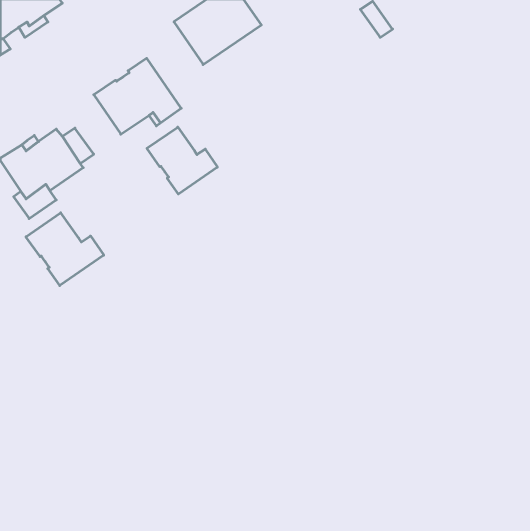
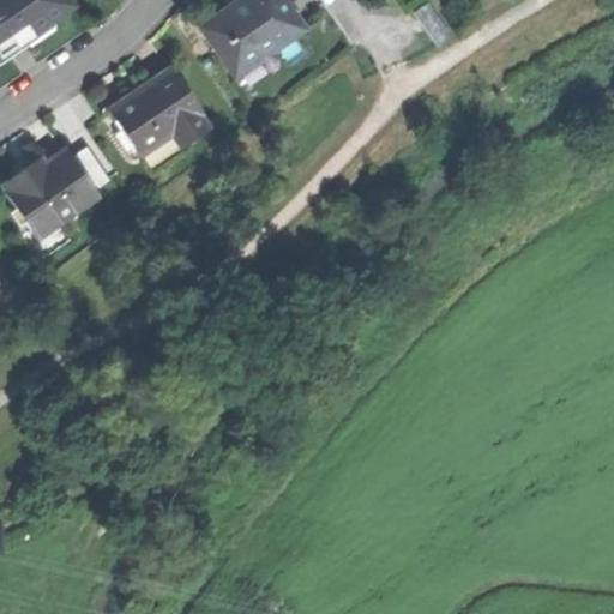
building: [147,127,217,194] -> none
building: [26,213,104,286] -> none

